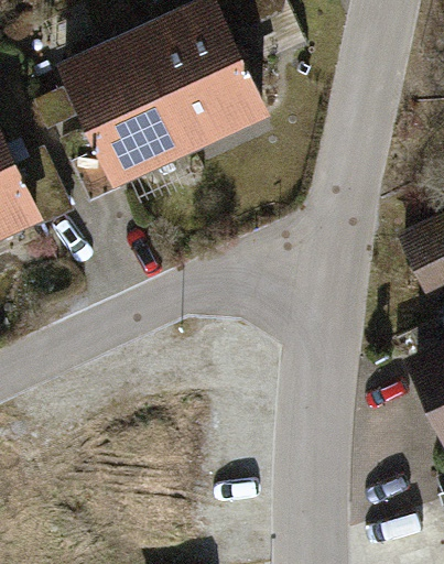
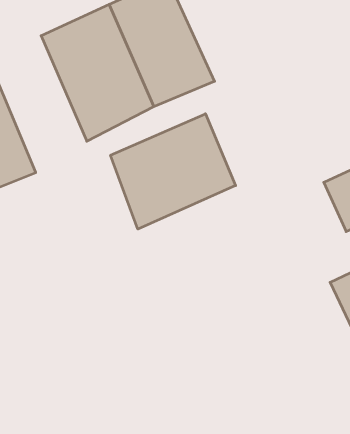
building: none -> [111,114,236,229]

